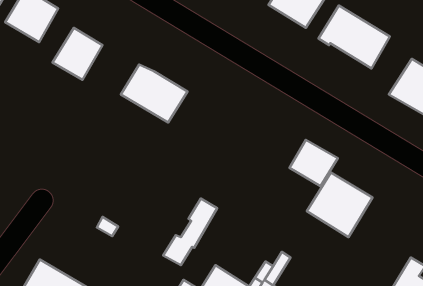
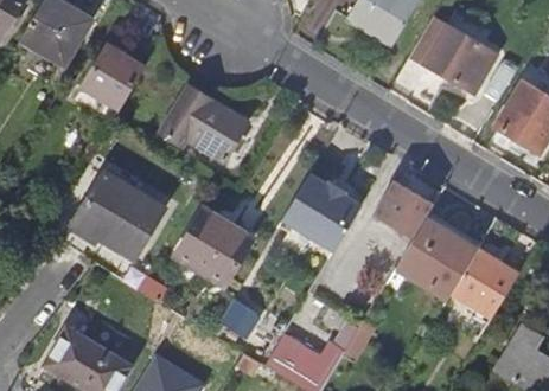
building: none -> [74,174,164,259]
building: none -> [282,174,363,251]
building: none -> [173,209,248,286]
building: none -> [452,250,519,318]

